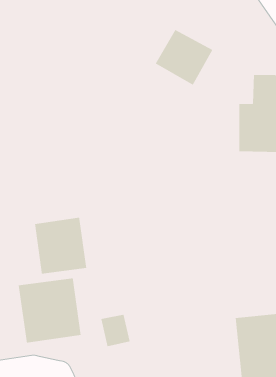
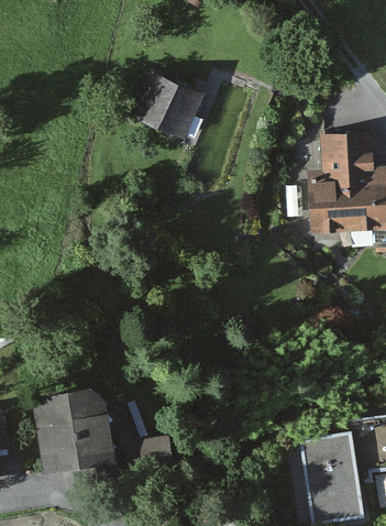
building: [155,29,213,85] -> [130,70,200,139]
building: [34,217,87,274] -> none

